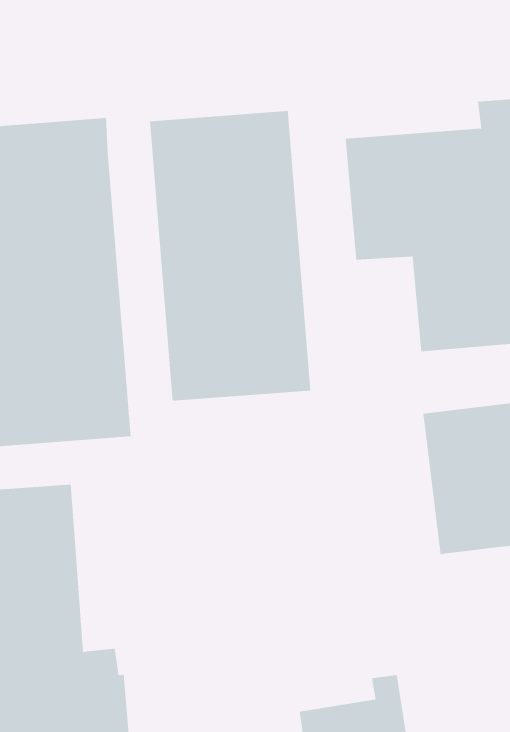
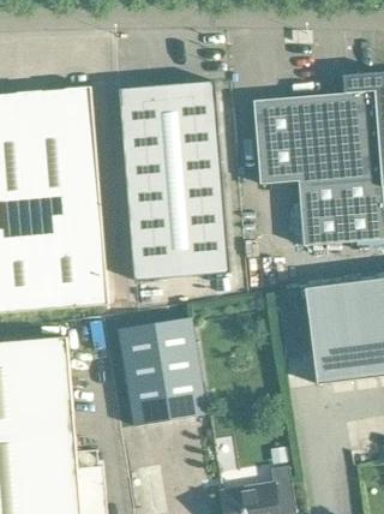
building: none -> [118,317,205,425]

